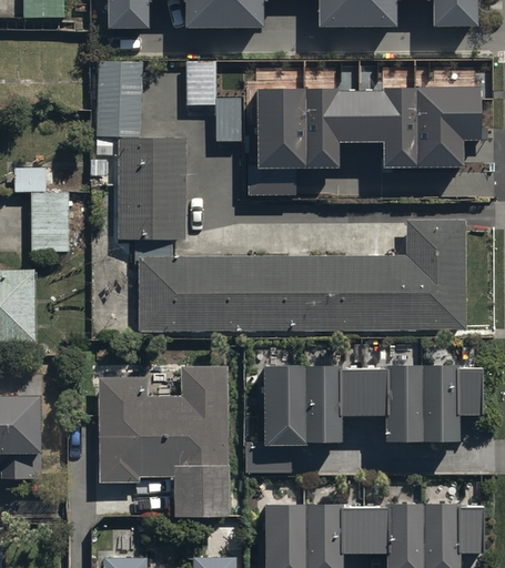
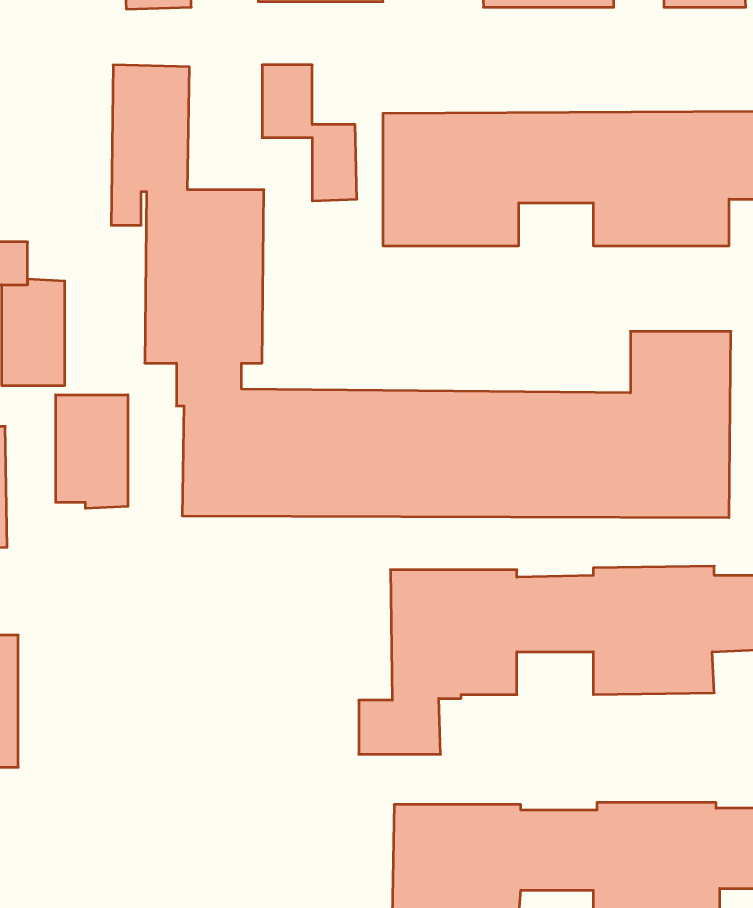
building: none -> [56,395,128,508]
building: [100,364,228,511] -> none

